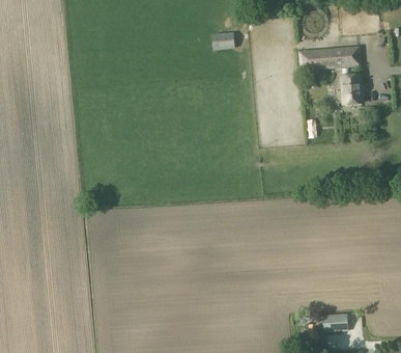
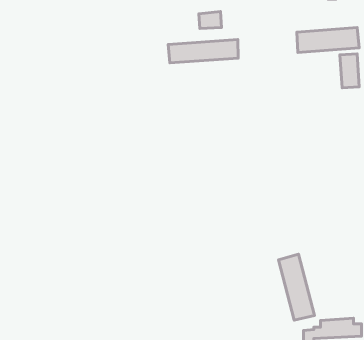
building: none -> [168,39,238,63]
building: none -> [278,254,315,320]

